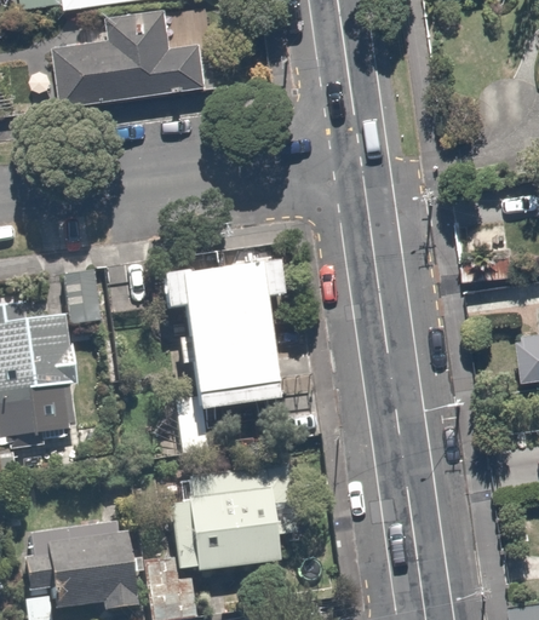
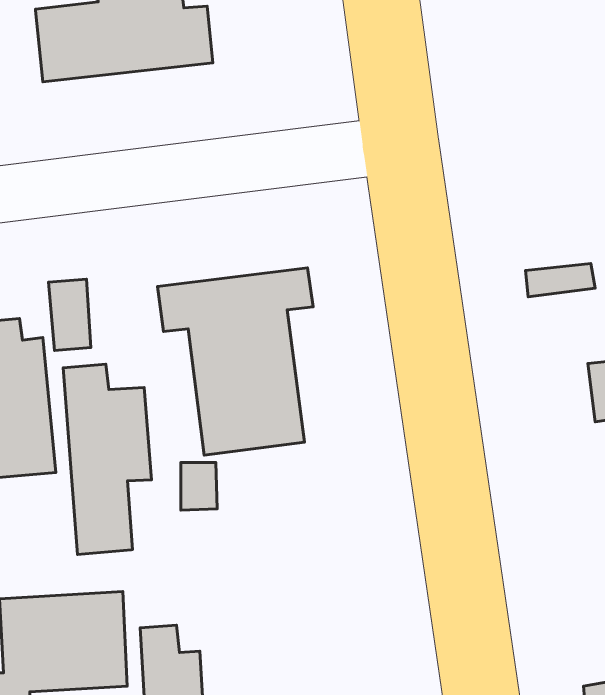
building: none -> [63,364,152,555]
building: [174,469,289,570] -> none

